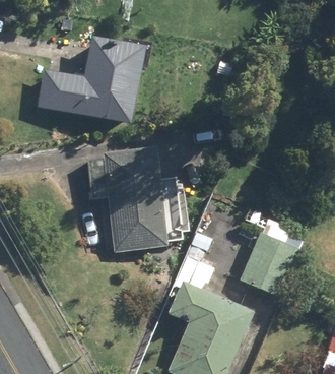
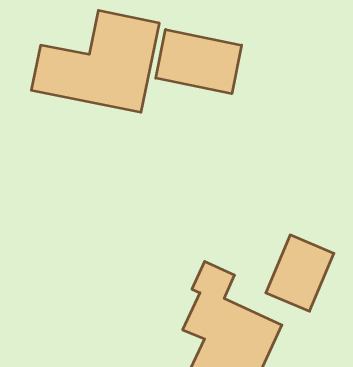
building: none -> [156,29,242,94]
building: [88,148,166,251] -> none

